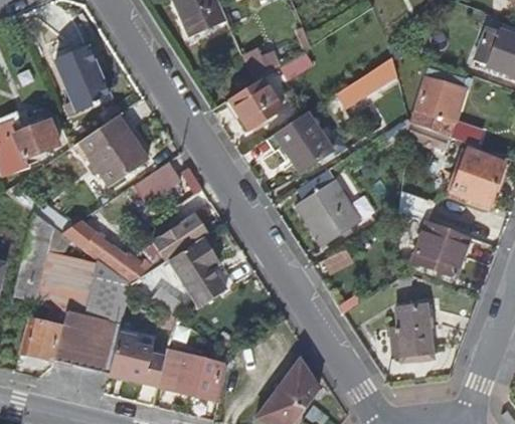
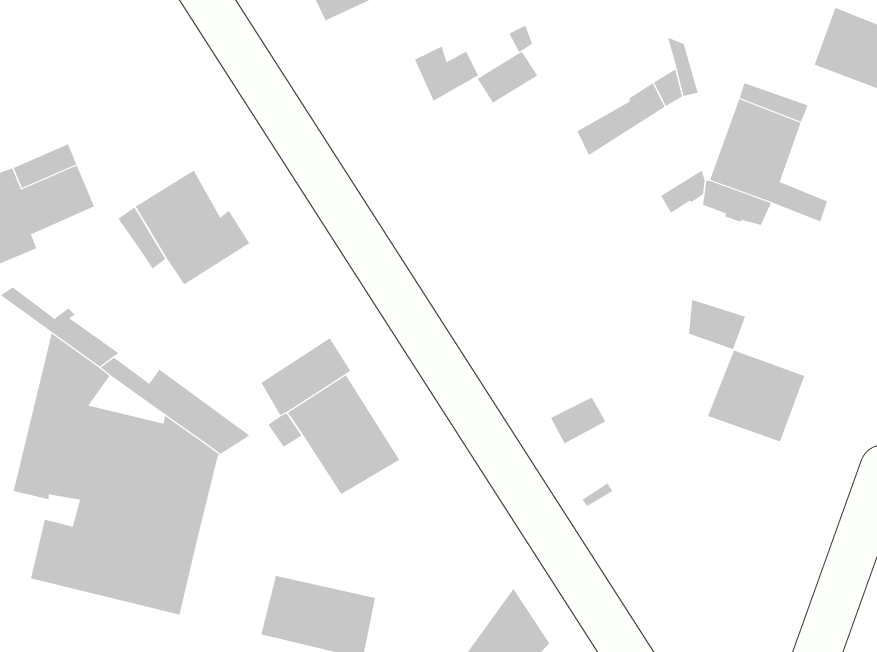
building: [56,46,109,113] -> none
building: [228,76,285,130] -> none
building: [275,113,334,171] -> none
building: [452,149,504,205] -> none
building: [134,160,184,203] -> none
building: [295,169,359,244] -> none
building: [390,302,433,359] -> none
building: [109,331,163,385] -> none

